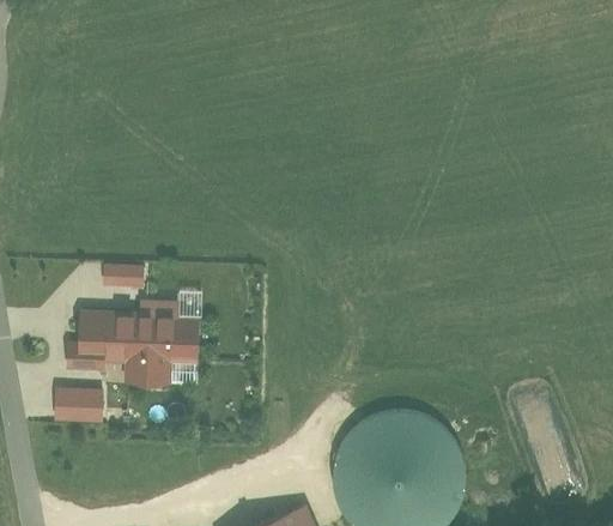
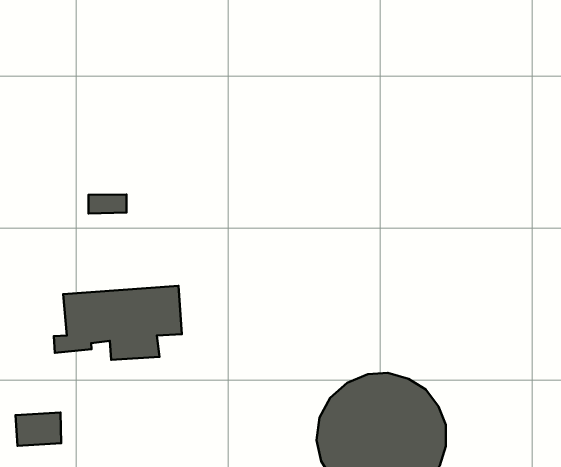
building: [105,261,145,282] -> [89,195,126,214]
building: [56,388,102,419] -> [16,412,61,446]

